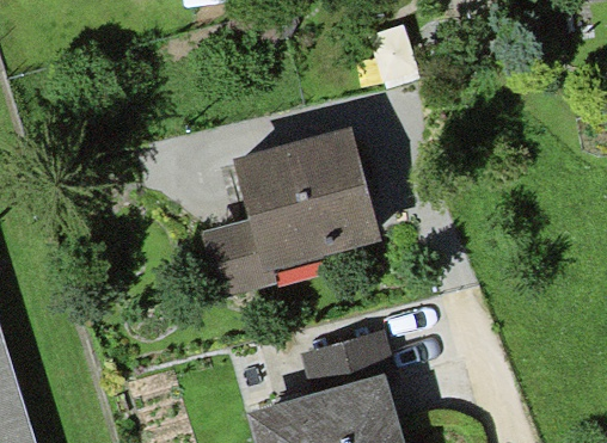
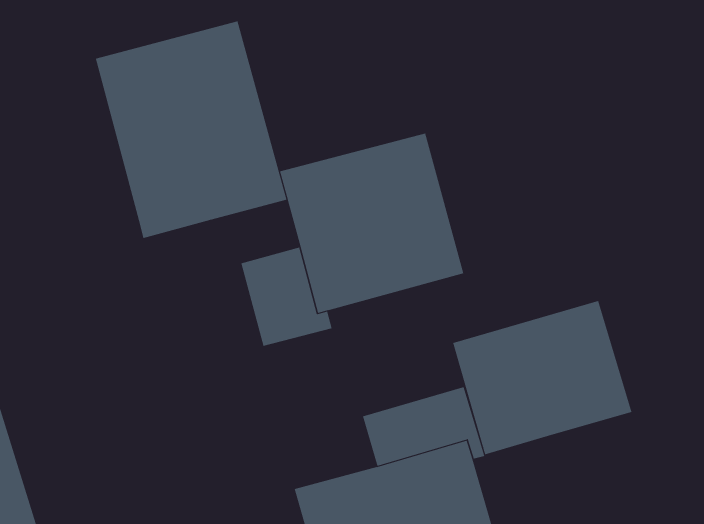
building: none -> [95,21,287,239]
building: none -> [452,300,632,455]

